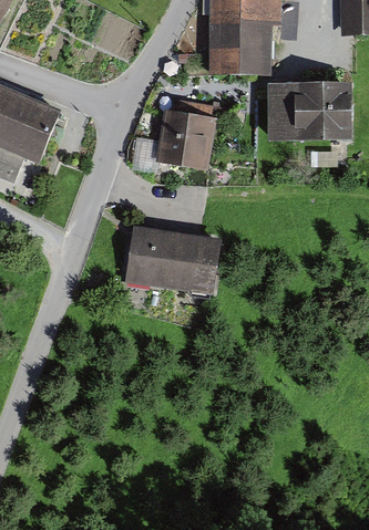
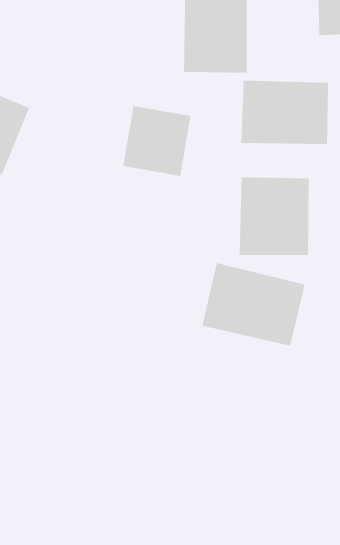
building: none -> [239,176,309,256]
building: [119,219,219,300] -> [201,263,306,346]

